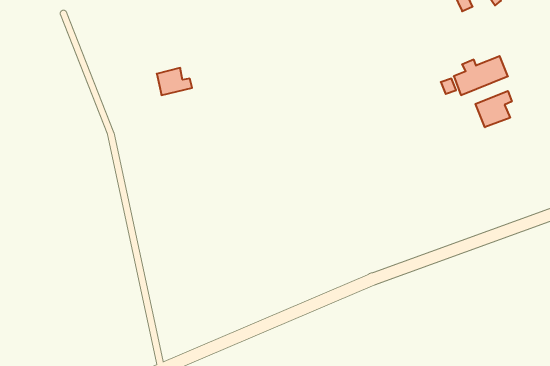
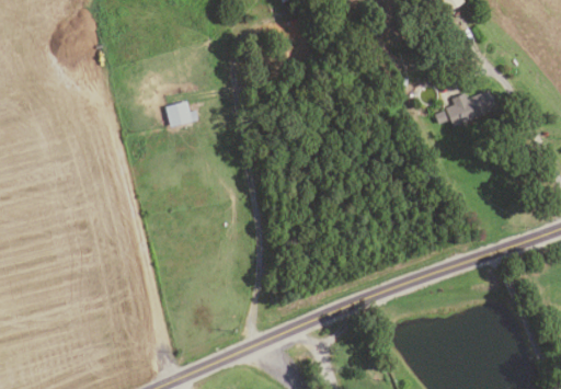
building: [475,91,512,127] -> none

